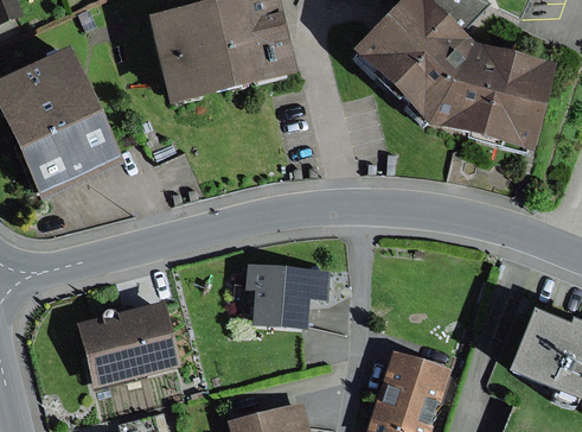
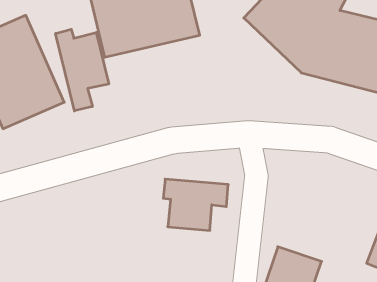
building: none -> [56,29,109,111]
building: [81,300,181,386] -> none

